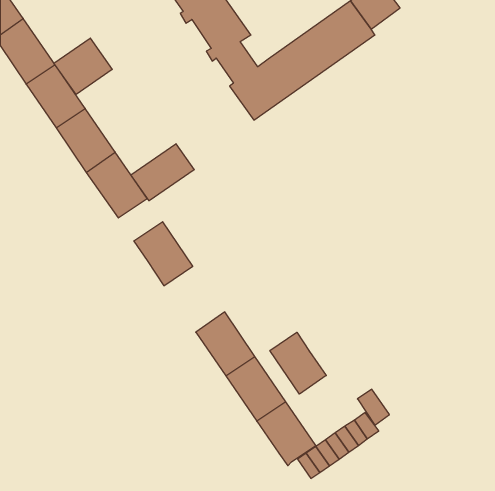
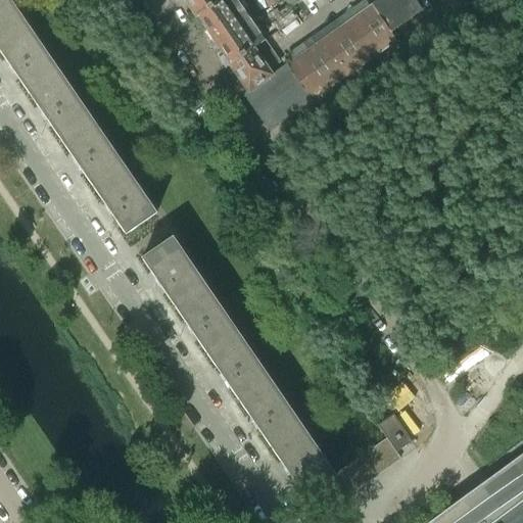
building: [54,38,112,94] -> none
building: [131,144,194,201] -> none
building: none -> [173,281,237,350]
building: [270,332,326,394] -> none

